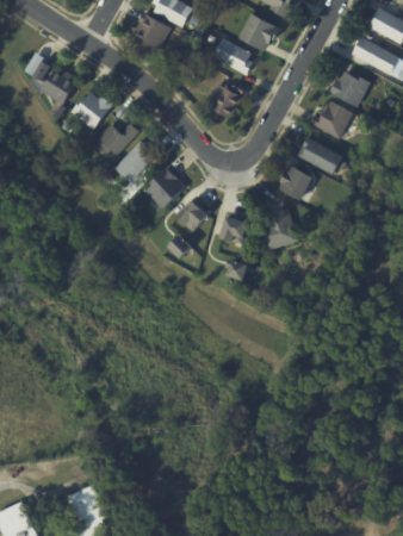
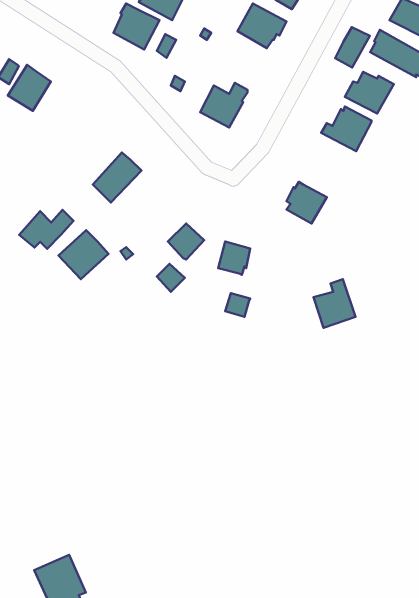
building: none -> [335,27,370,67]
building: [212,37,253,74] -> none
building: [70,91,112,129] -> none
building: [92,121,138,155] -> [19,210,74,249]
building: [297,137,342,174] -> none
building: [142,166,185,207] -> [58,230,109,279]
building: [261,208,297,250] -> [314,279,355,328]

